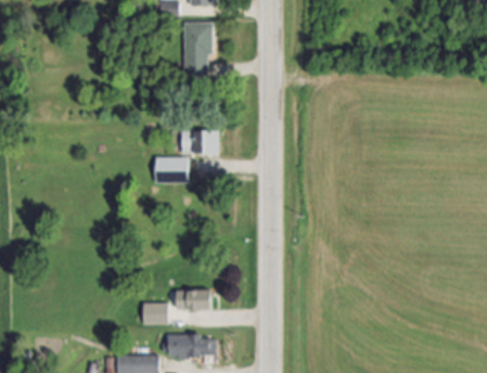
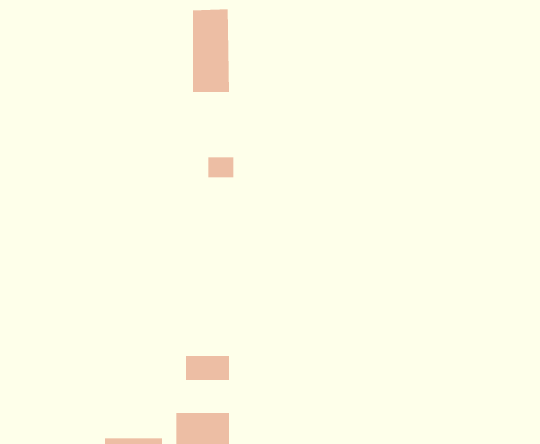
building: [154,156,188,182] -> none
building: [145,301,170,323] -> none

